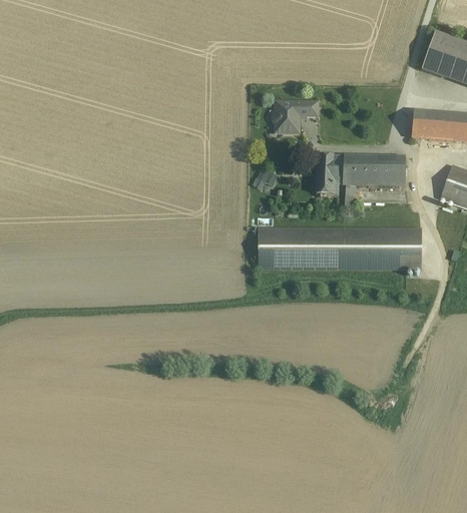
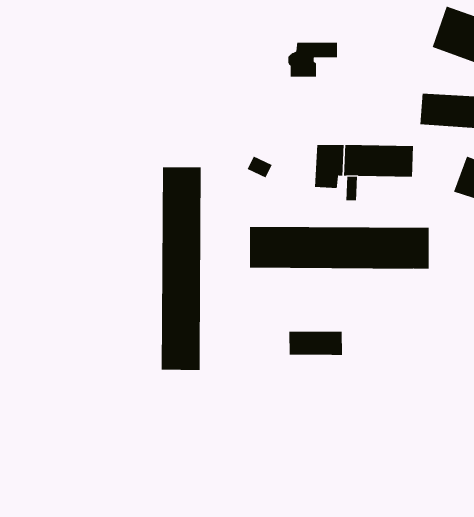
building: [273,101,318,132] -> [288,42,338,77]
building: none -> [161,166,201,371]
building: none -> [289,331,343,356]

